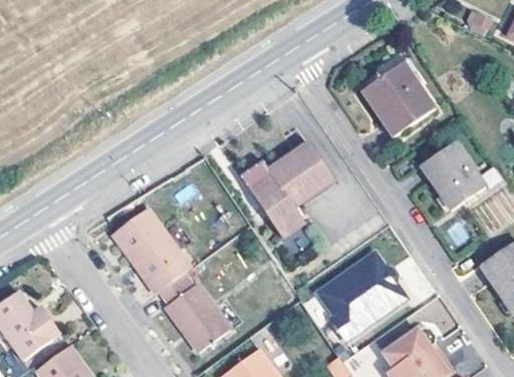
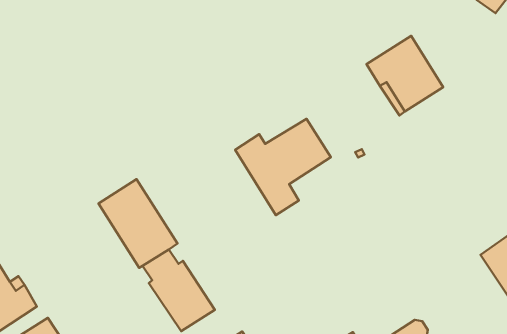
building: [422,138,488,208] -> none
building: [317,255,406,342] -> none

